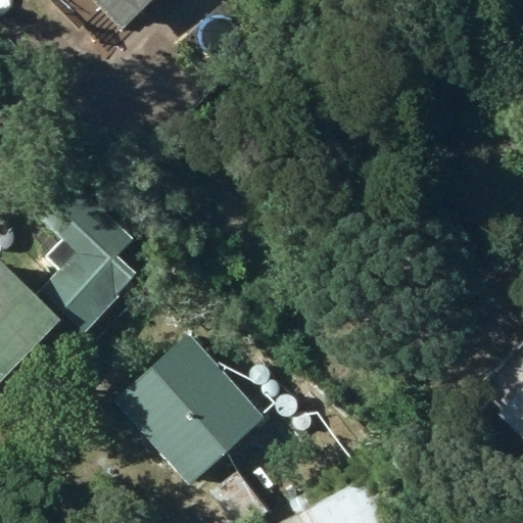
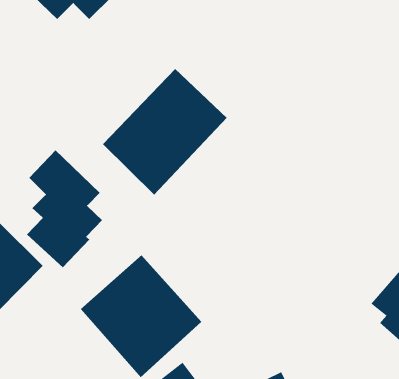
building: none -> [102,68,227,195]

